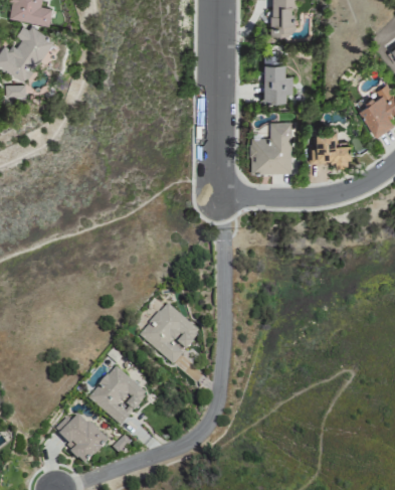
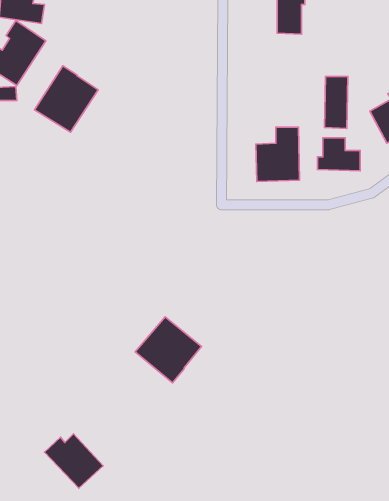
building: [264,54,286,104] -> [324,76,348,129]
building: none -> [34,66,98,132]
building: [87,365,148,425] -> none

